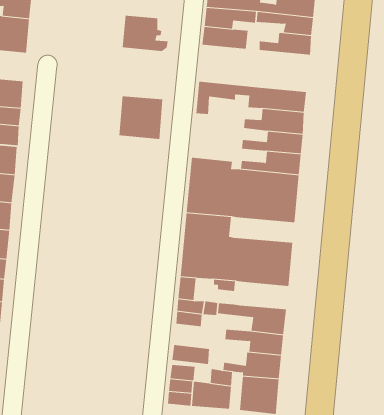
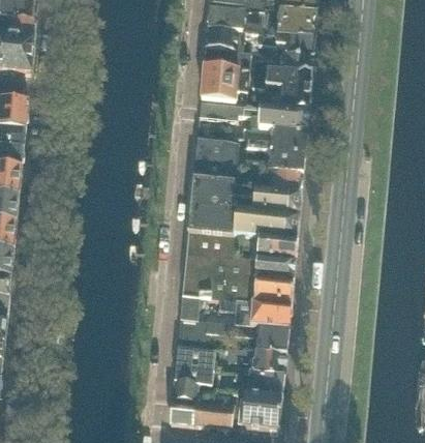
building: [122,15,169,52] -> [200,63,246,99]
building: none -> [249,67,311,110]
building: [119,96,163,140] -> [192,136,237,179]
building: none -> [235,235,296,260]
building: none -> [241,299,290,326]
building: none -> [175,345,214,365]

